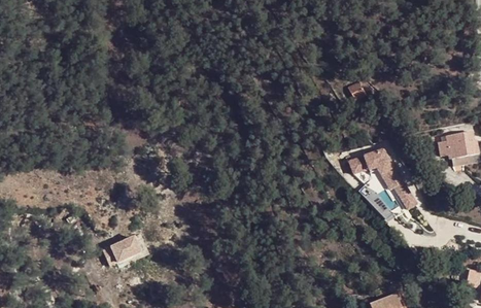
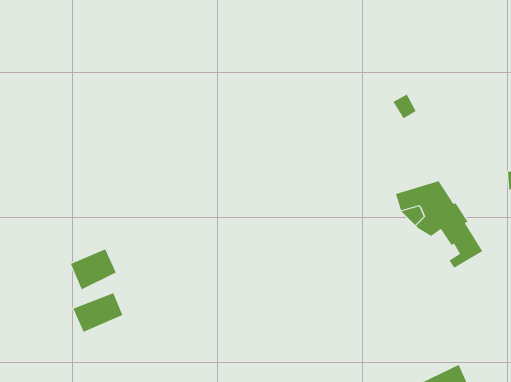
building: none -> [70,248,117,290]

